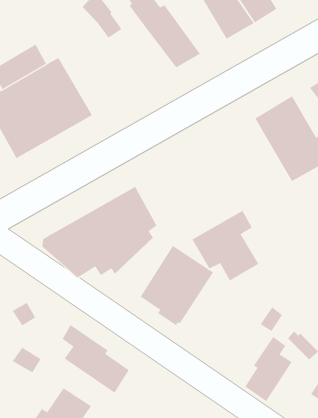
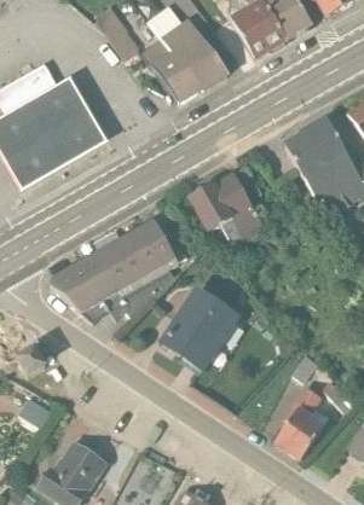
building: none -> [141,39,200,103]
building: [191,210,259,281] -> [190,166,265,244]
building: [62,324,130,394] -> none

